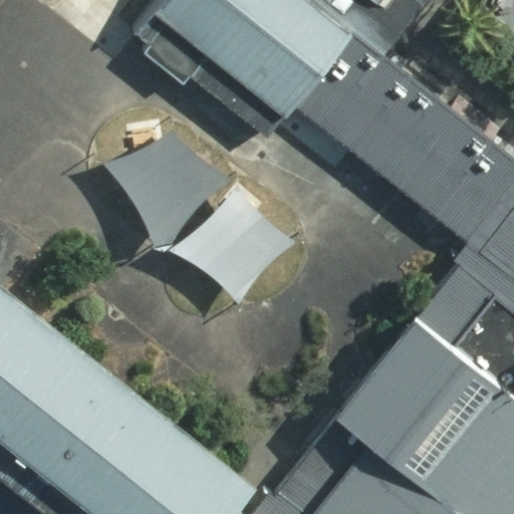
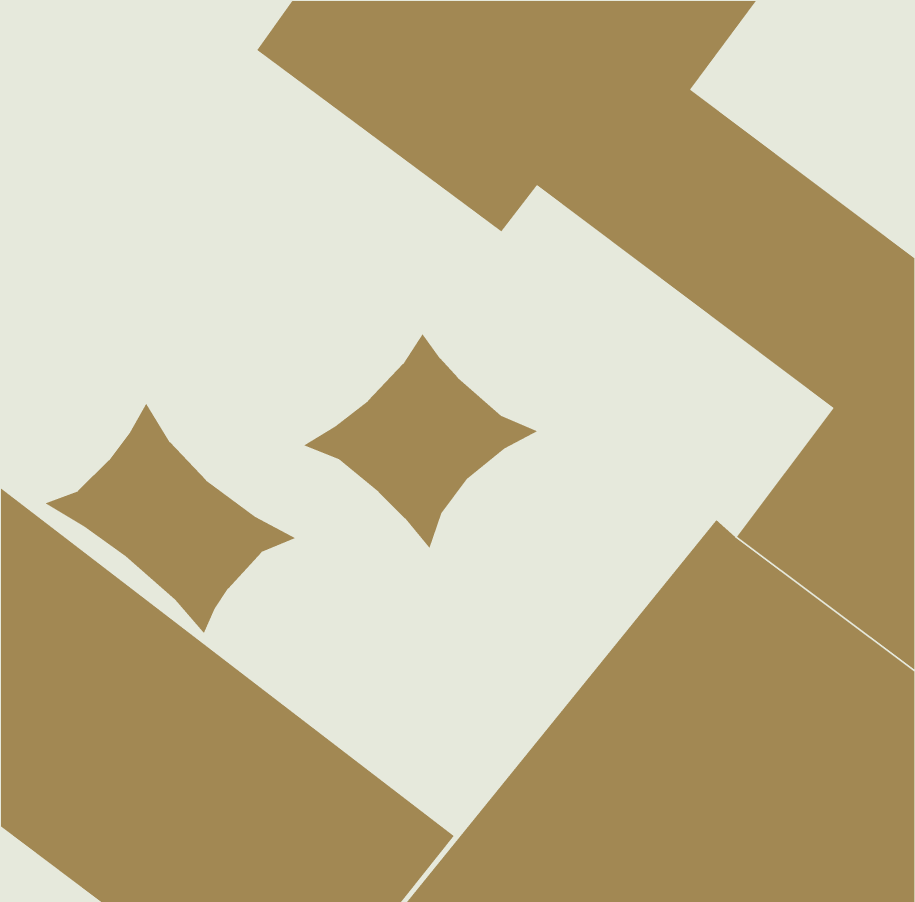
building: [102,137,237,260] -> none
building: none -> [44,402,297,634]

